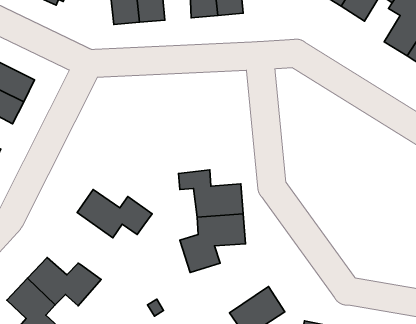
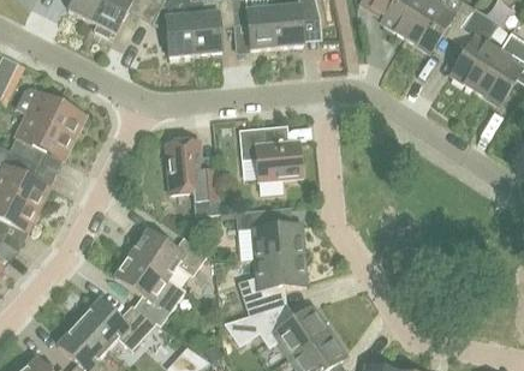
building: none -> [239,127,300,193]
building: none -> [165,140,220,215]
building: none -> [113,253,183,325]
building: none -> [248,304,329,358]

